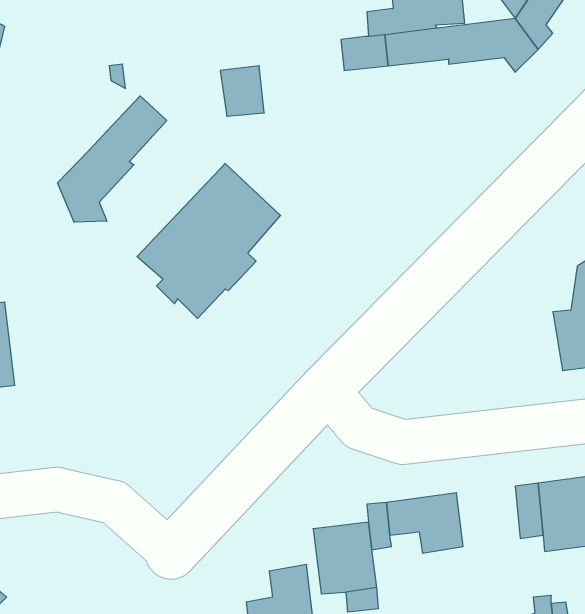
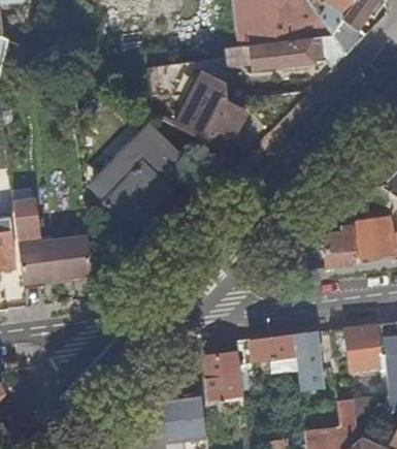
building: none -> [173,68,239,147]
building: [58,96,167,222] -> none
building: none -> [11,199,91,281]
building: none -> [323,205,358,266]
building: none -> [294,330,324,389]

